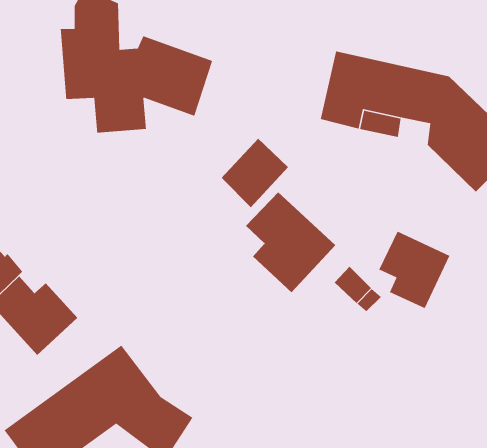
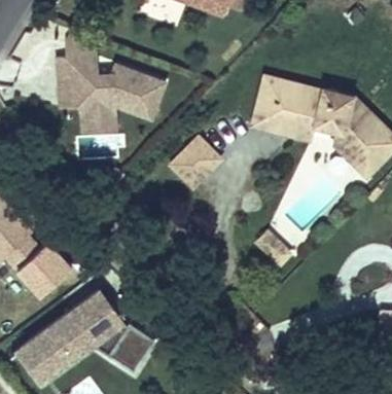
building: [245,191,336,293] -> none
building: [378,231,451,309] -> none

